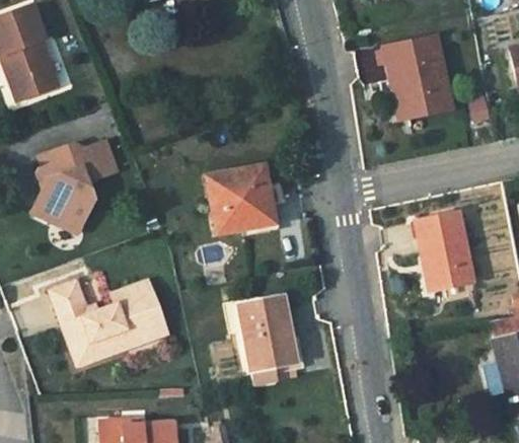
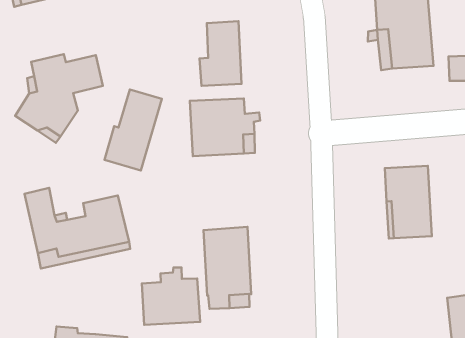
building: none -> [200,21,242,86]
building: none -> [105,90,162,170]
building: none -> [142,268,200,325]

